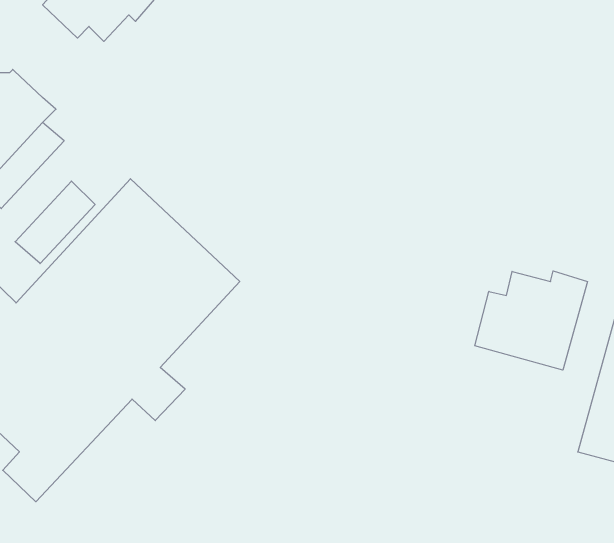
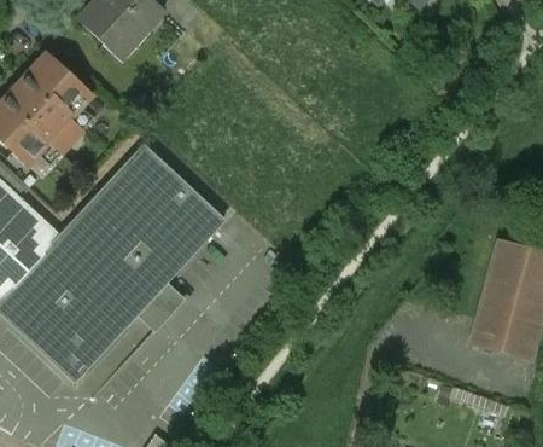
building: [15,181,95,264] -> none
building: [475,271,587,370] -> none

